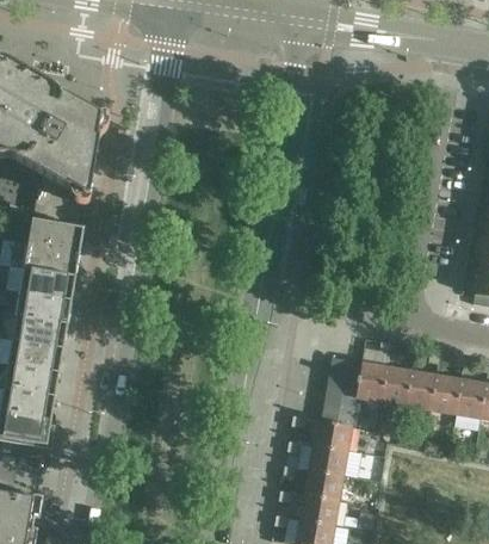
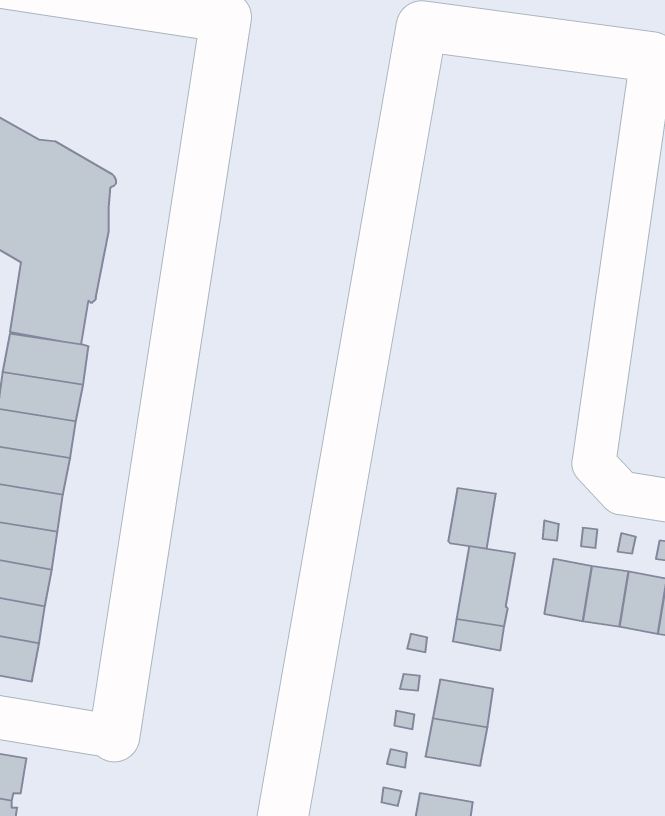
building: [355,361,386,401] -> [448,488,496,549]
building: [312,419,352,450] -> none
building: [299,494,339,524] -> none

